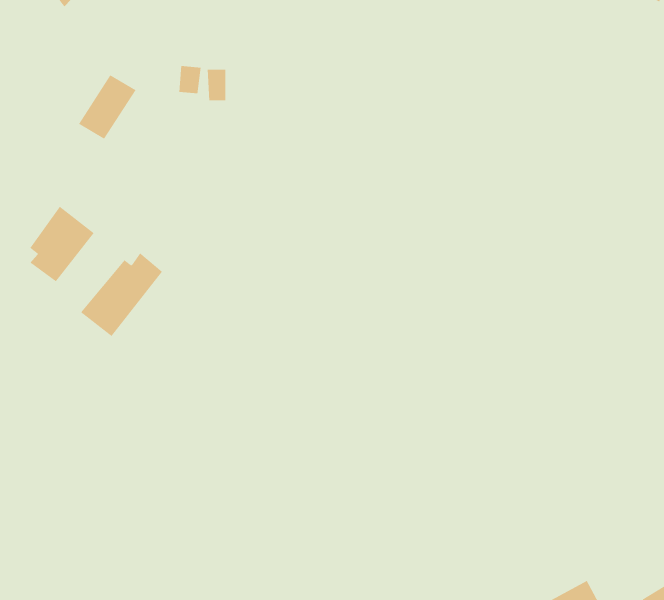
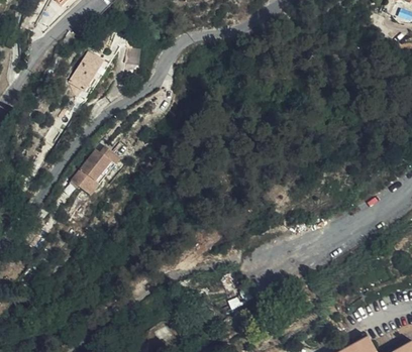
building: [29,206,94,282] -> none

